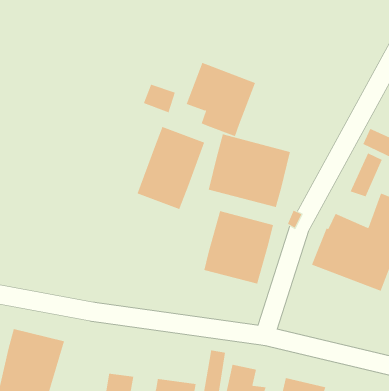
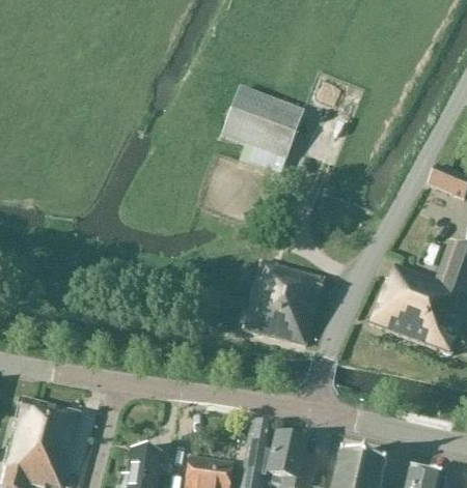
building: [143,84,176,113] -> none
building: [137,126,205,210] -> none
building: [208,134,291,208] -> none
building: [350,152,382,197] -> none

